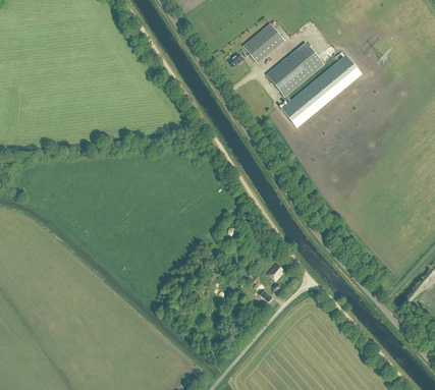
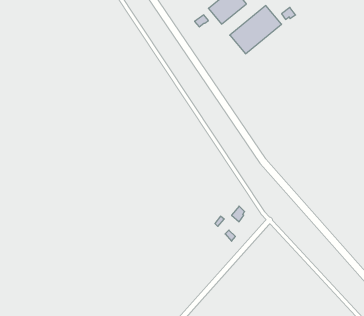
building: [285,52,359,117] -> none

